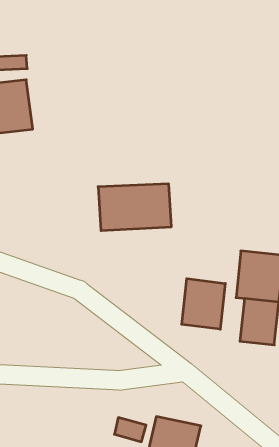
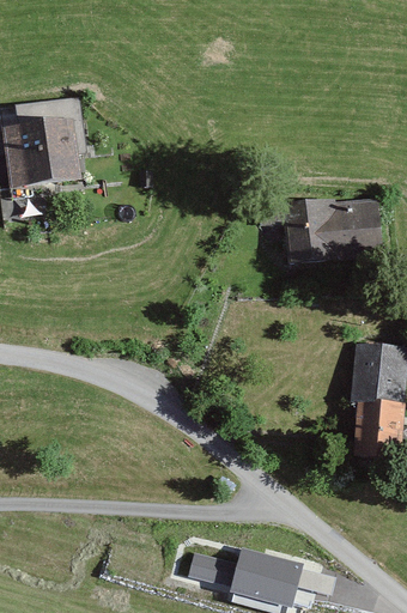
building: [98,184,171,231] -> [284,201,378,261]
building: [182,279,225,329] -> none

